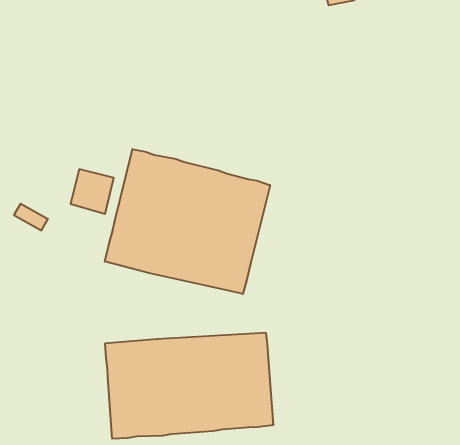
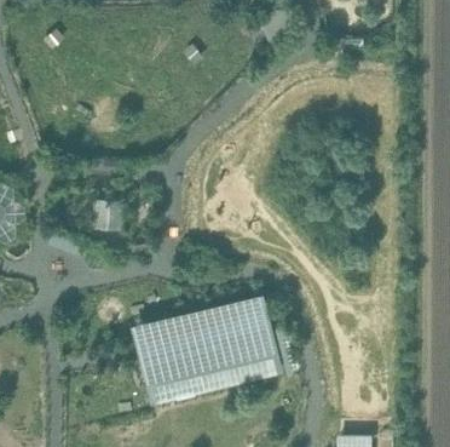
building: [105,149,270,294] -> none

